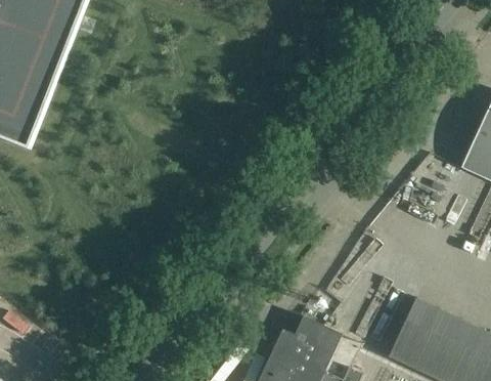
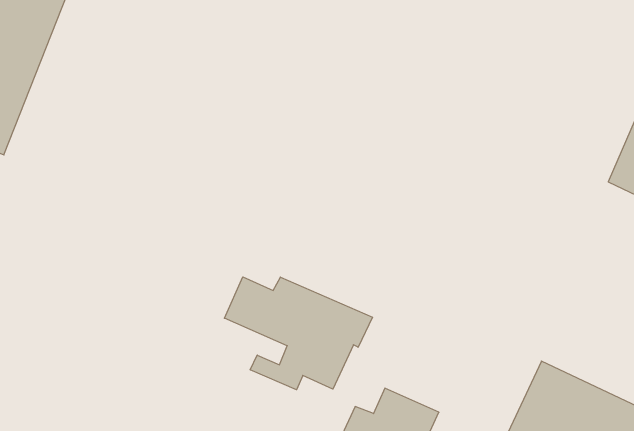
building: none -> [224,277,372,390]

